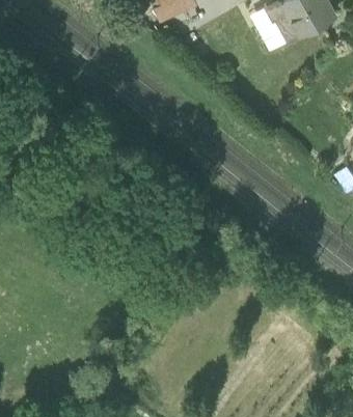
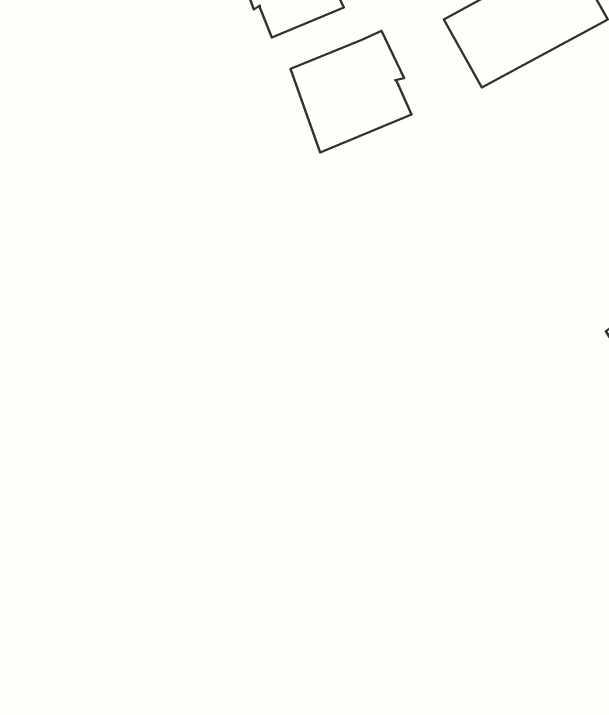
building: none -> [290,31,411,153]

